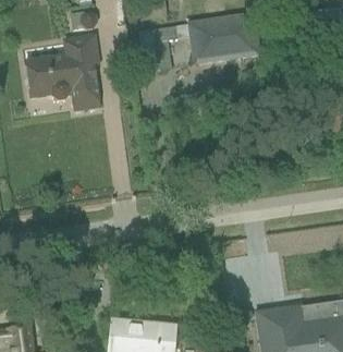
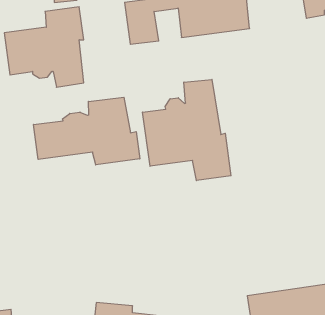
building: none -> [143,79,231,181]
building: none -> [34,97,140,165]

